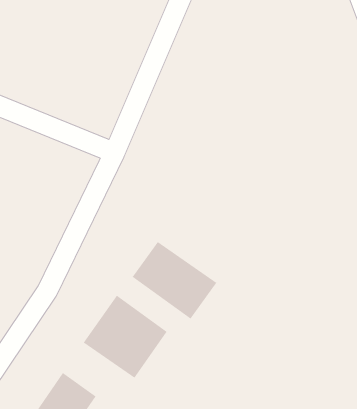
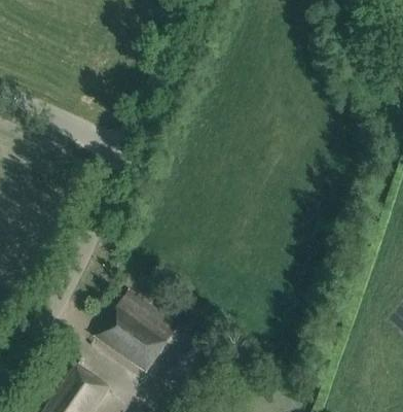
building: [132,241,217,320] -> none

